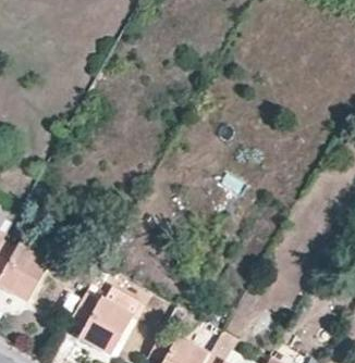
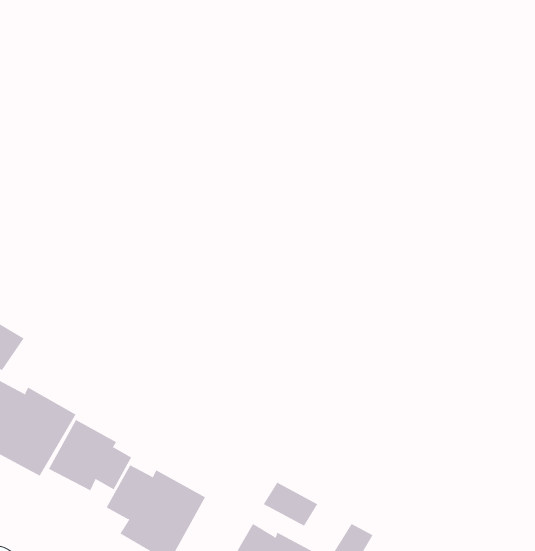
building: none -> [48,419,132,491]

